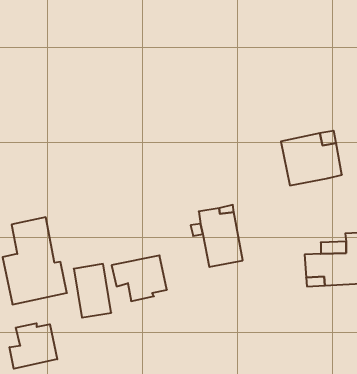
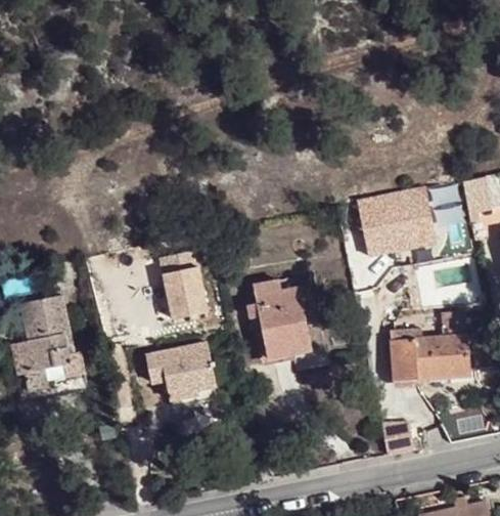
building: [74,264,111,318] -> [162,249,209,316]
building: [10,323,57,369] -> none

